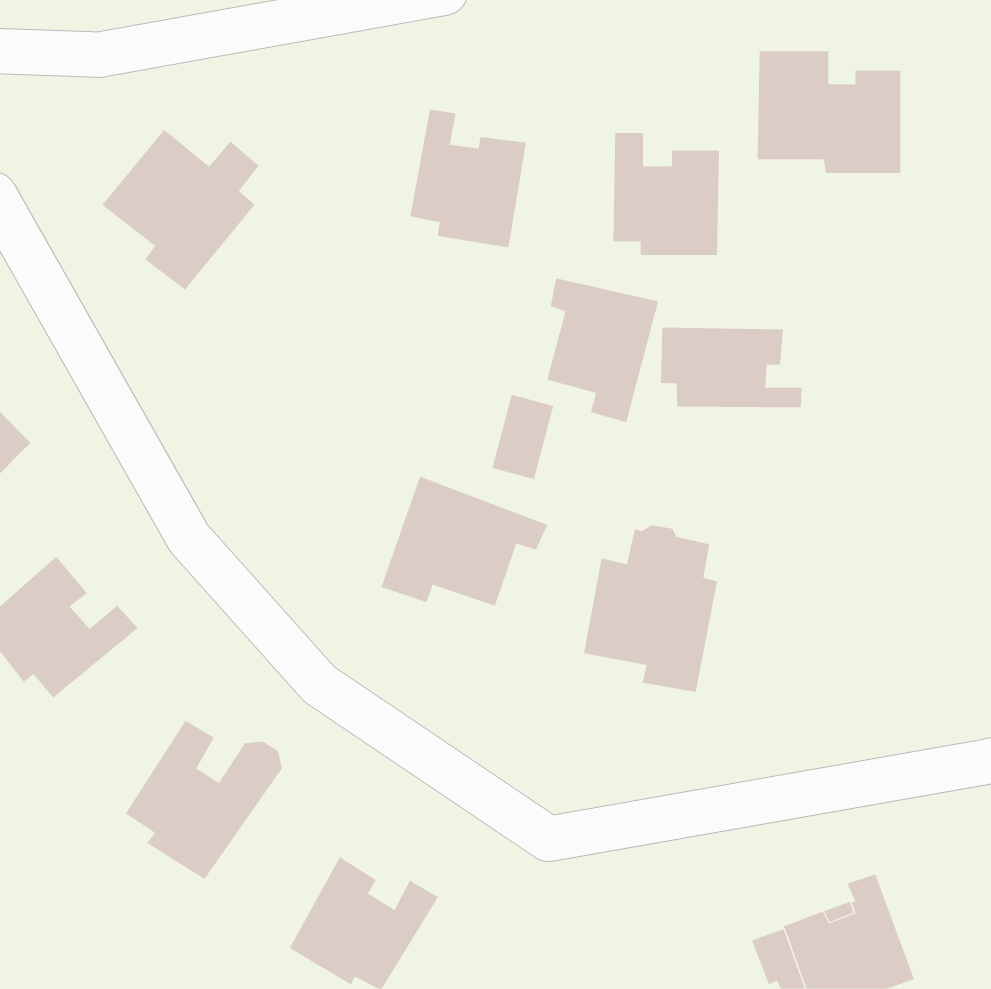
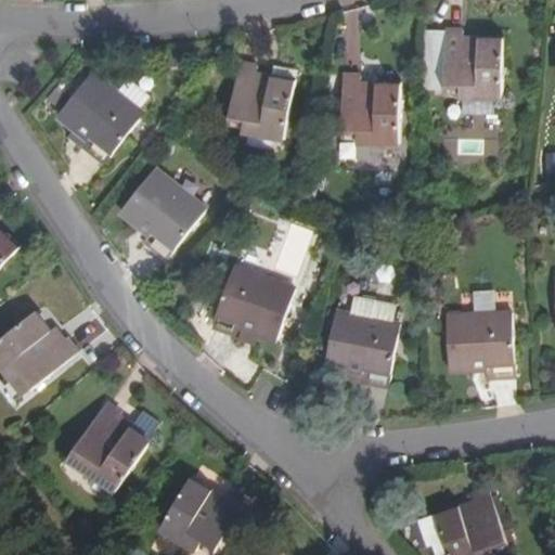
building: [547,277,659,423] -> none
building: none -> [119,167,205,257]
building: [660,327,802,408] -> none
building: none -> [447,312,515,376]

